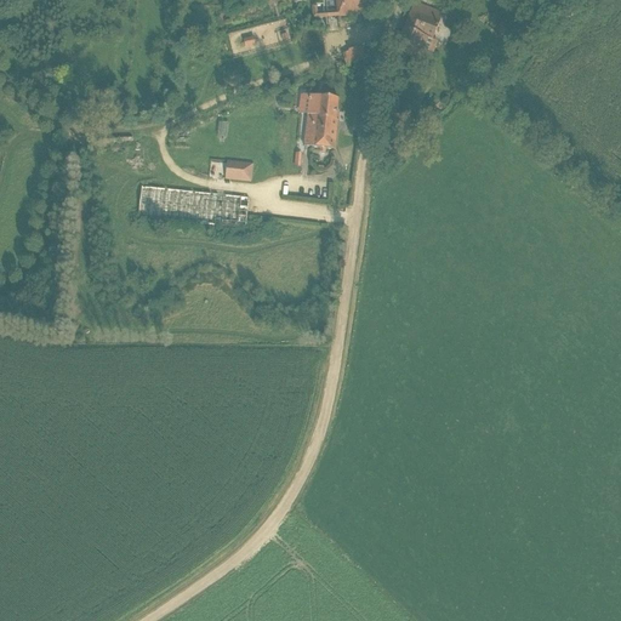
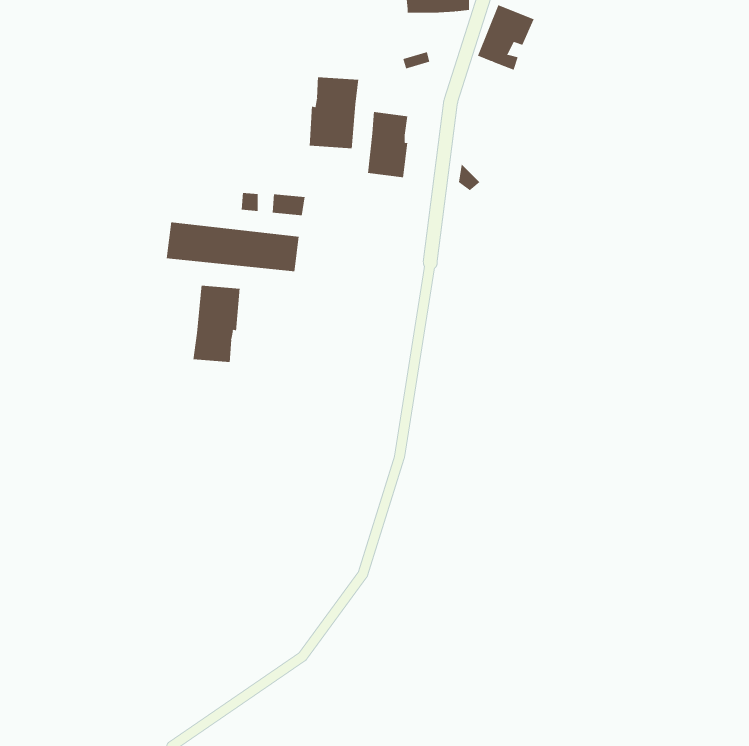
building: none -> [309,76,359,149]
building: none -> [193,285,240,363]

